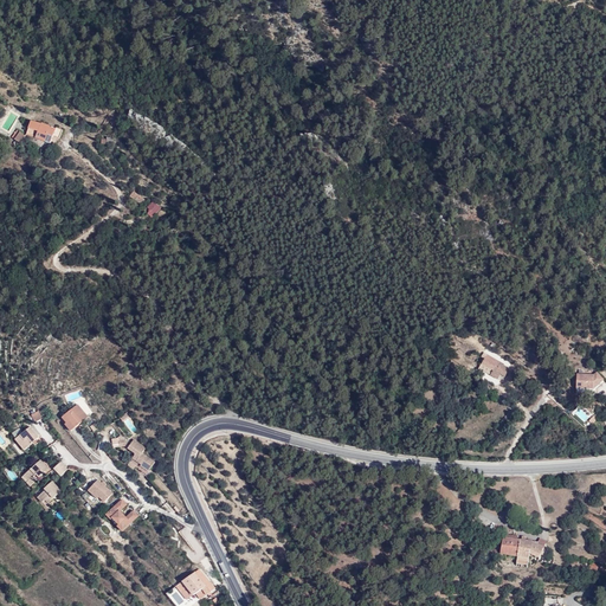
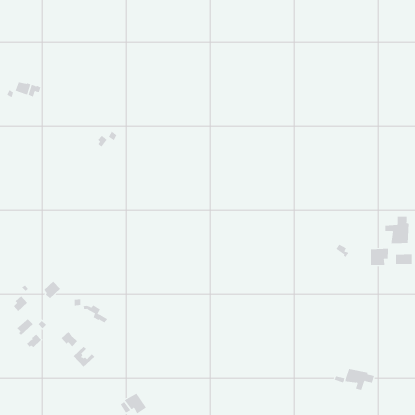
building: none -> [385,216,409,244]
building: none -> [371,248,389,266]

